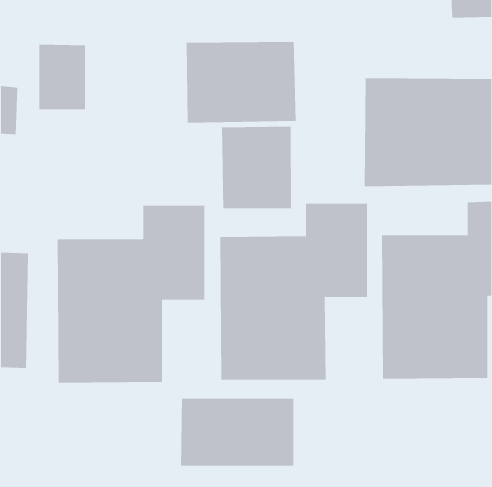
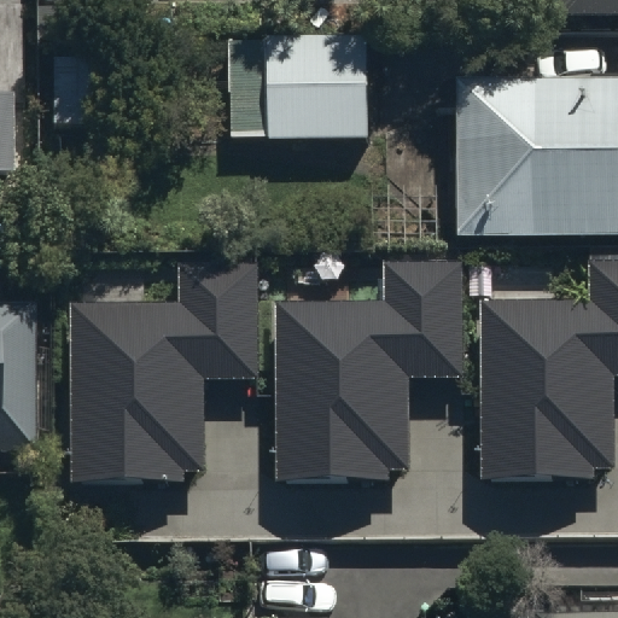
building: [222,126,291,209] -> none
building: [181,398,294,467] -> none

